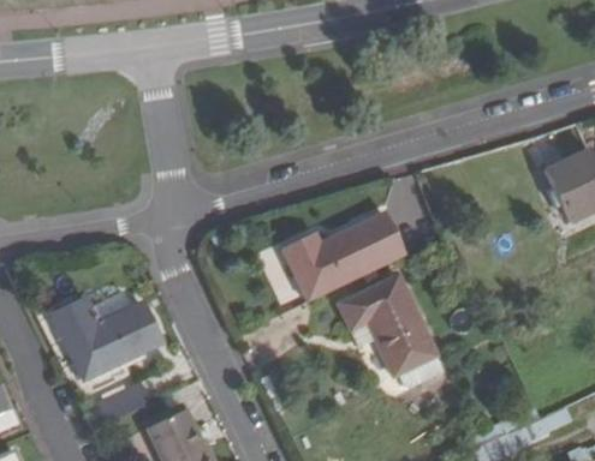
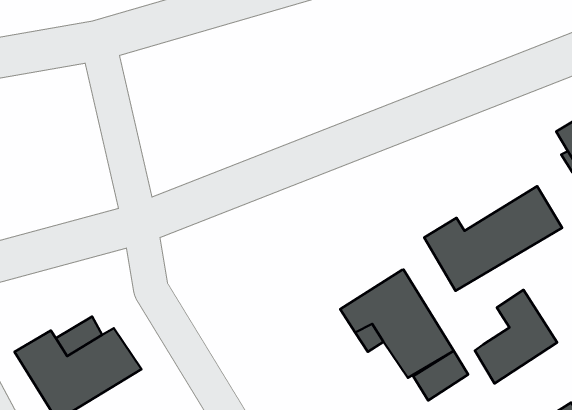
building: [284,216,405,300] -> [424,186,562,291]
building: none -> [475,290,557,384]

